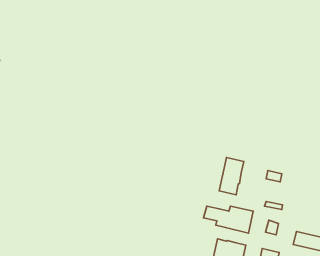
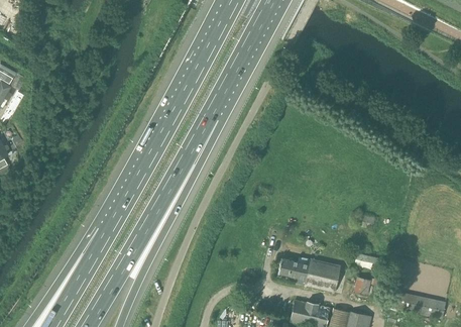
building: [219,157,244,195] -> none

